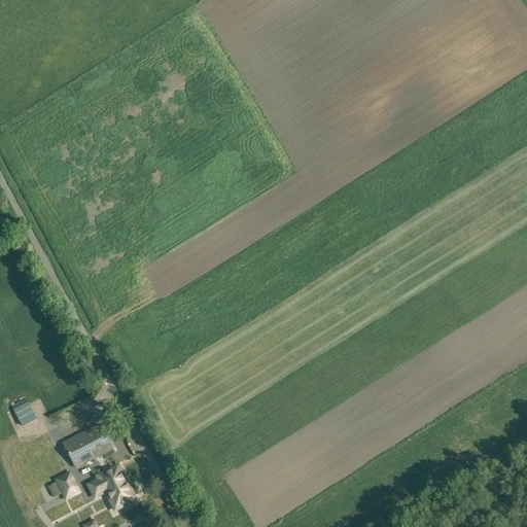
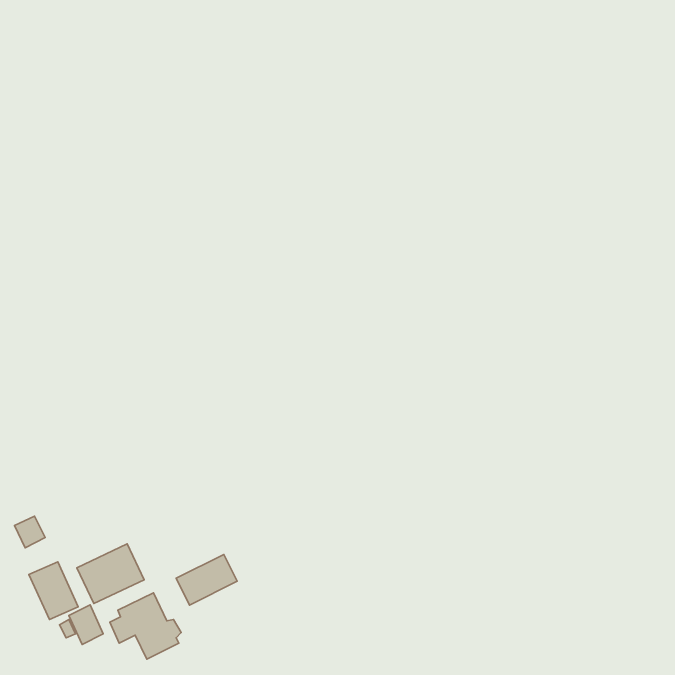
building: none -> [176,554,237,605]
building: none -> [29,562,78,620]

